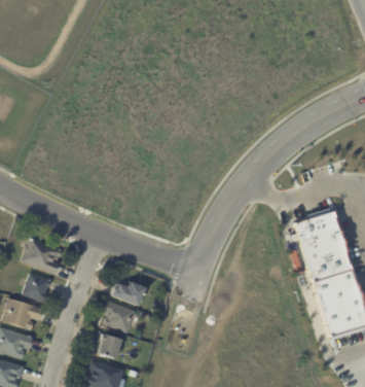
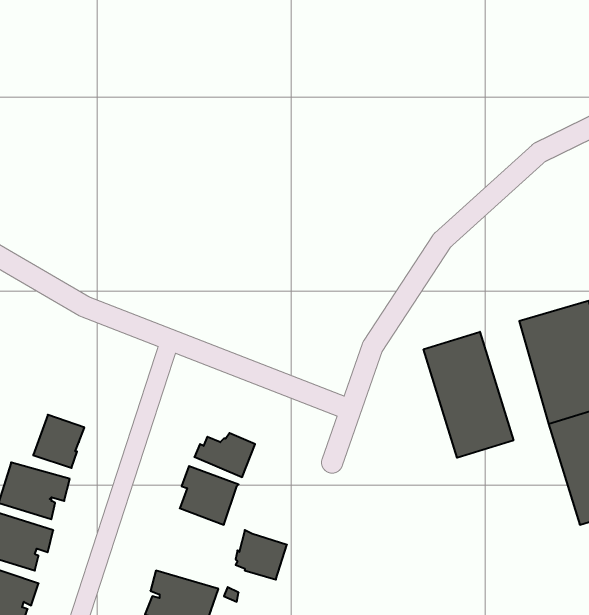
building: none -> [424,332,513,458]
building: [22,237,63,274] -> none
building: [95,331,123,359] -> [236,530,287,580]

